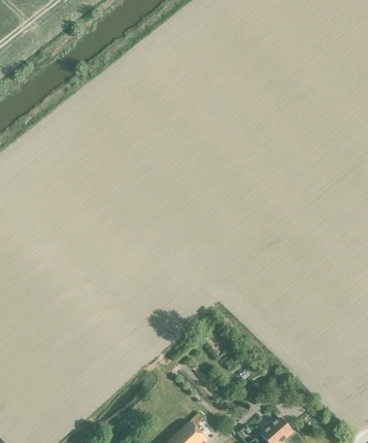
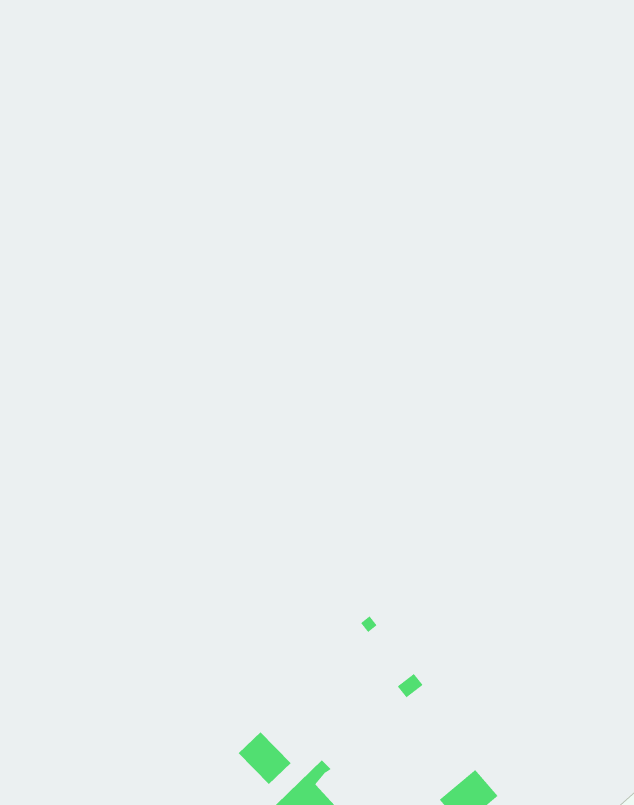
building: none -> [238,732,291,785]

